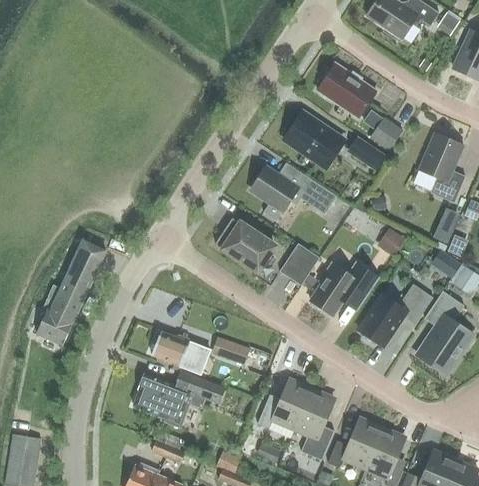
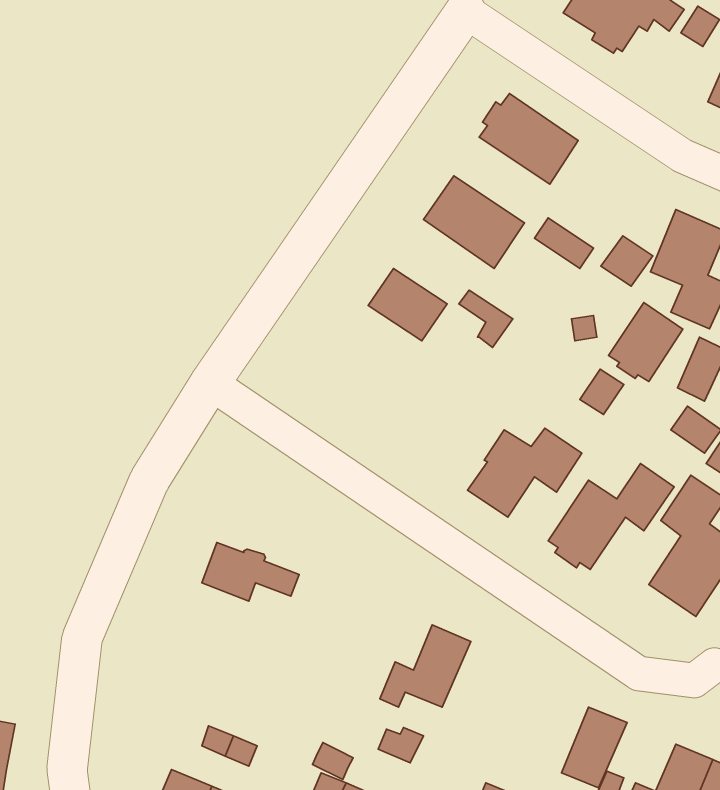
building: [370,119,401,149] -> [601,236,653,286]
building: none -> [608,302,683,382]
building: [215,217,274,271] -> none
building: [37,239,106,344] -> none
building: [280,243,320,284] -> none
building: [212,335,250,363] -> none
building: [133,371,226,422] -> none
building: [295,389,334,452] -> none
building: [328,419,382,467] -> none

